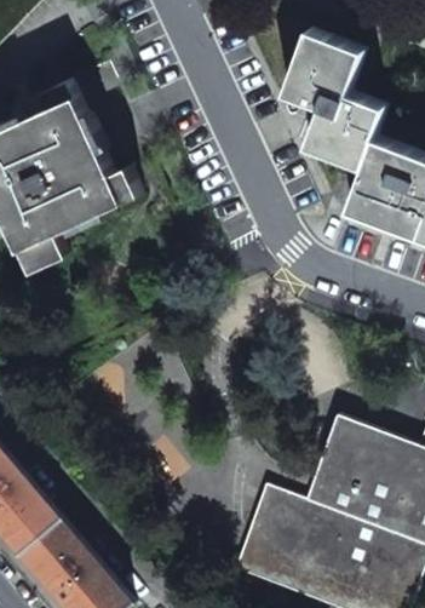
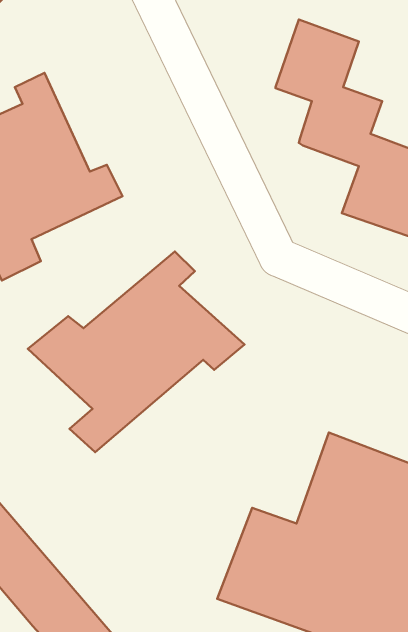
building: none -> [28,251,245,452]

